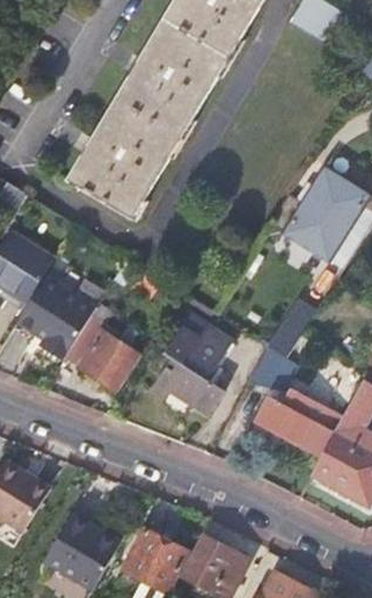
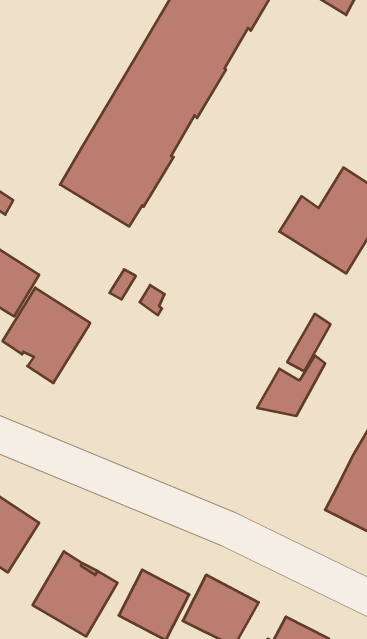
building: [64,307,136,389] -> none
building: [154,313,232,414] -> none
building: [256,389,334,454] -> none

